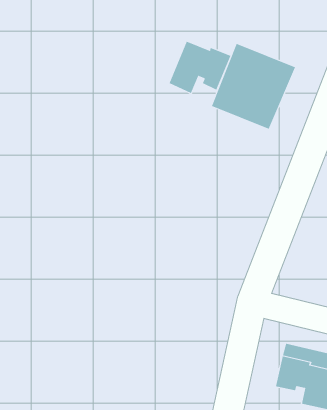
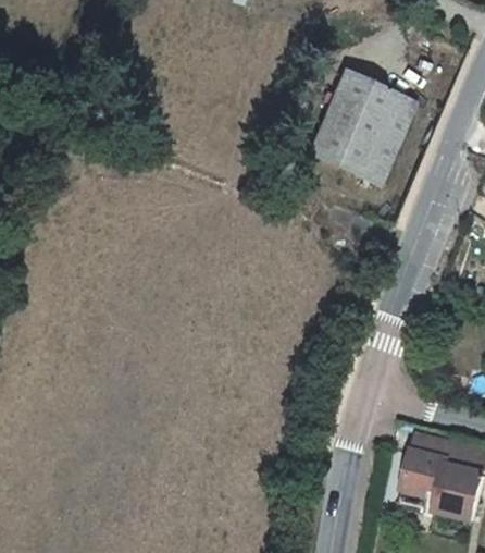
building: [169,41,231,94] -> none

